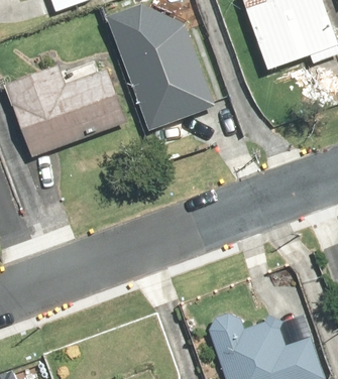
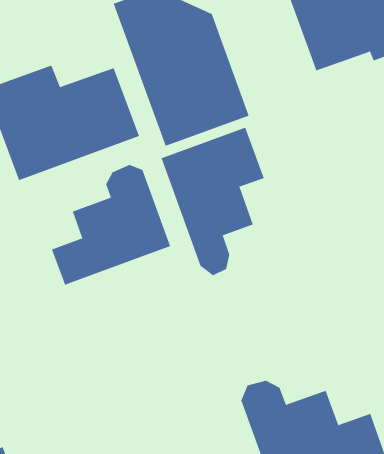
building: none -> [161,127,264,276]
building: none -> [51,164,171,285]

